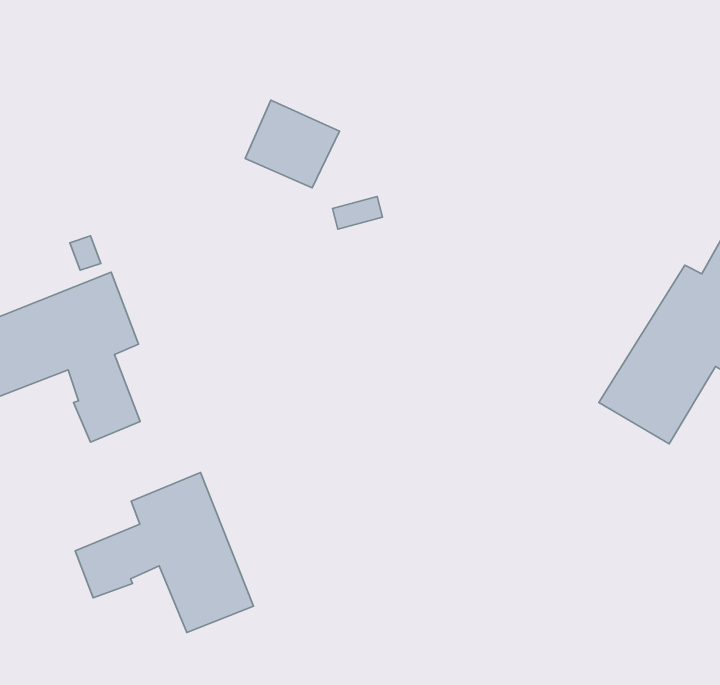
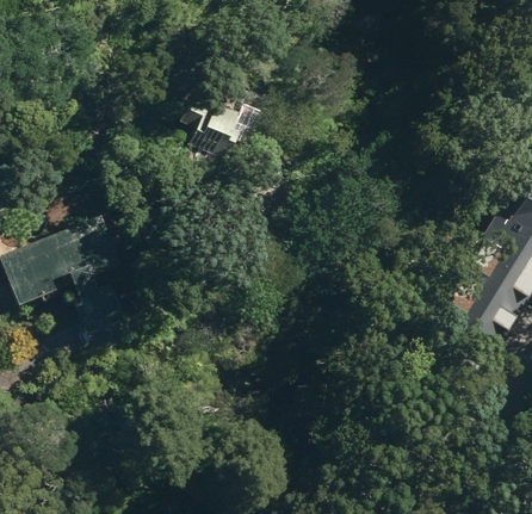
building: [75,473,254,632] -> none

